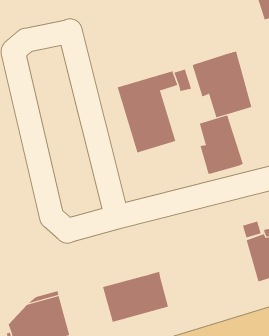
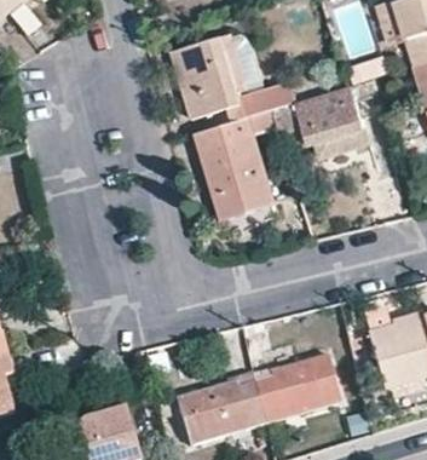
building: none -> [172,33,298,120]
building: [199,115,243,174] -> none
building: none -> [254,355,339,421]

